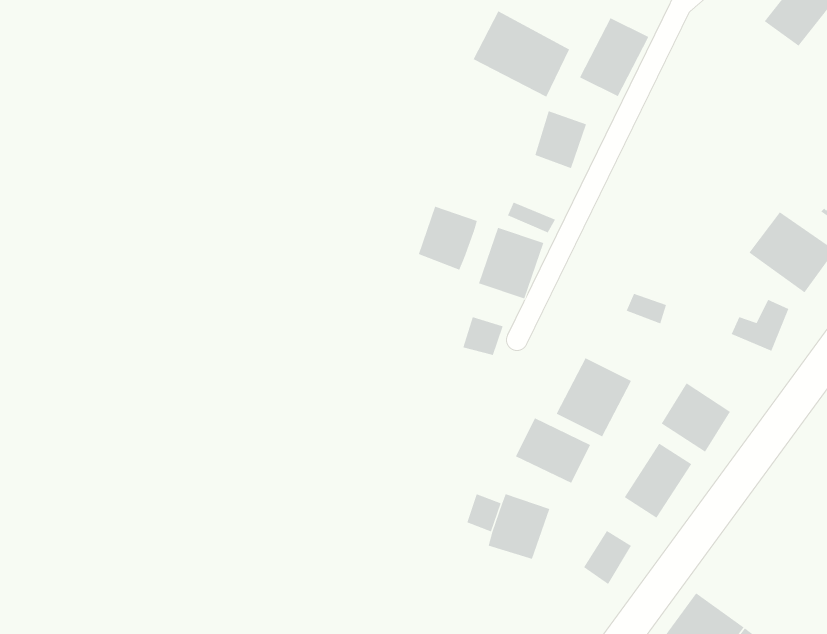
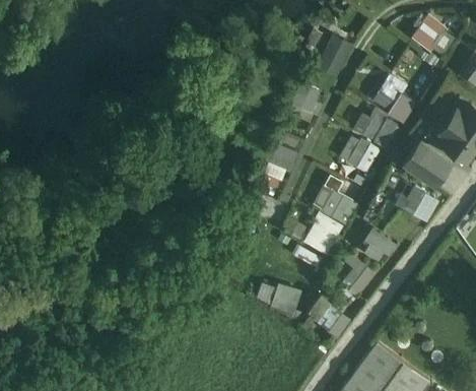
building: [473,10,570,97] -> none
building: none -> [372,85,415,124]
building: none -> [355,113,398,150]
building: [418,206,478,270] -> none
building: none -> [338,138,378,177]
building: none -> [319,192,355,227]

